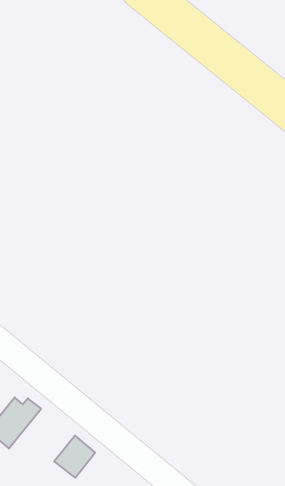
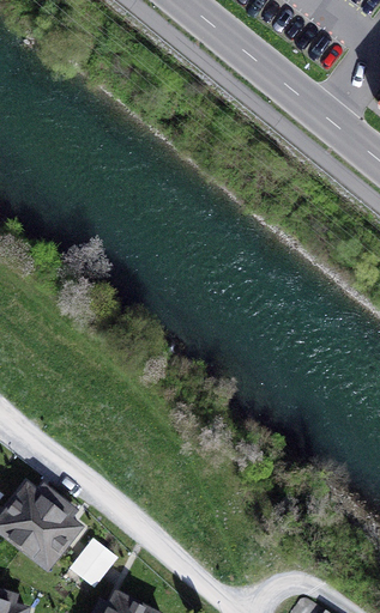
building: none -> [22,497,80,565]

